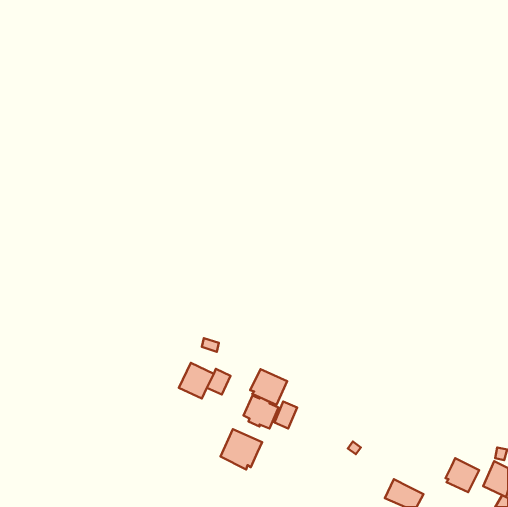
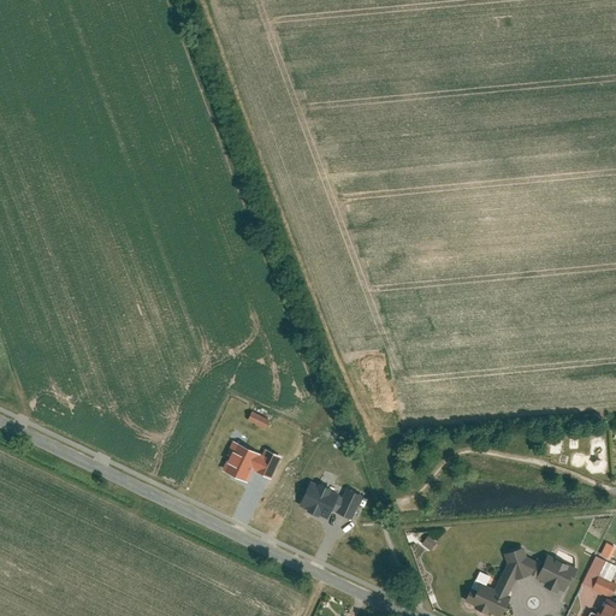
building: [250,369,287,405] -> none
building: [220,429,262,469] -> none
building: none -> [496,550,546,597]

